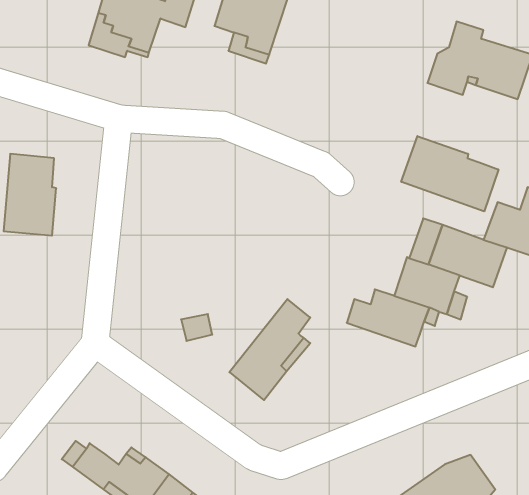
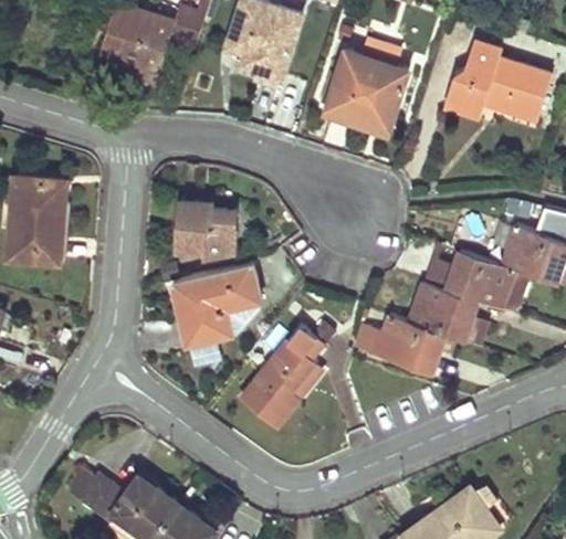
building: none -> [324,36,407,126]
building: [401,136,498,211] -> none
building: none -> [177,200,235,251]
building: none -> [171,263,263,342]

